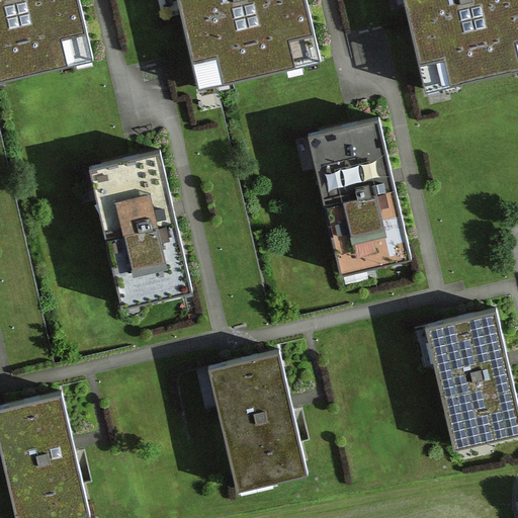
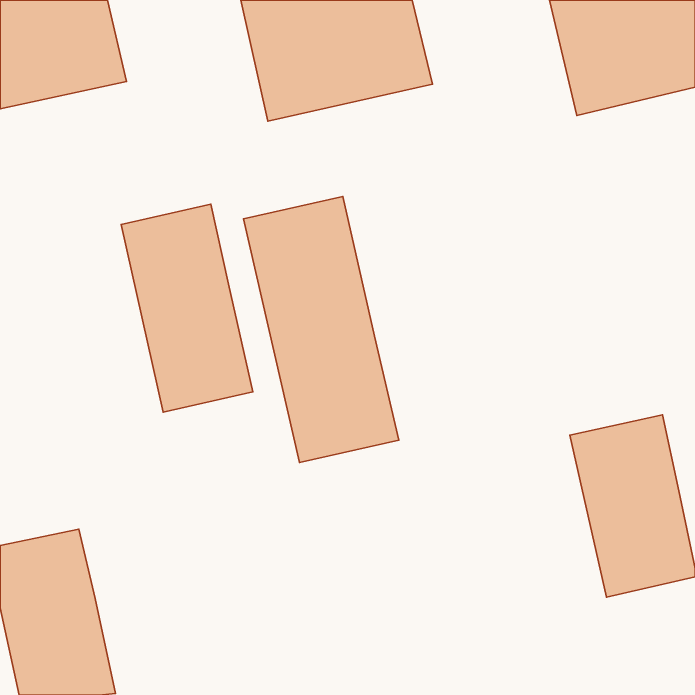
building: [310,120,408,271] -> none
building: none -> [243,196,399,463]
building: [209,356,303,489] -> none

